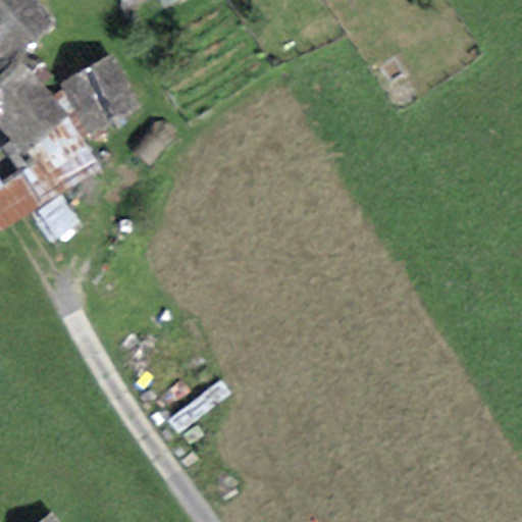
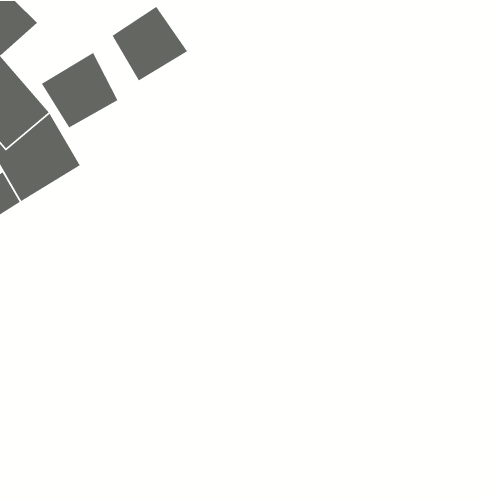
building: none -> [111,6,188,82]

